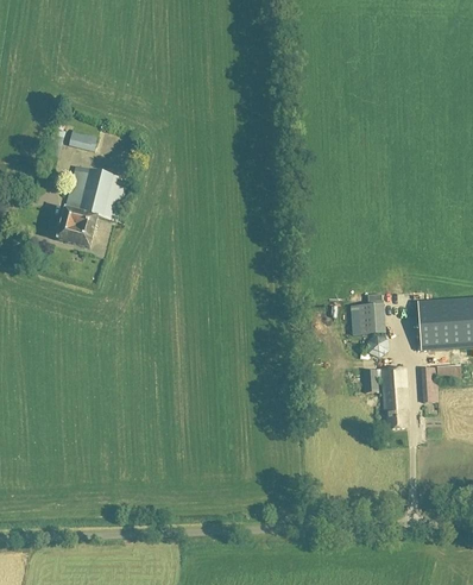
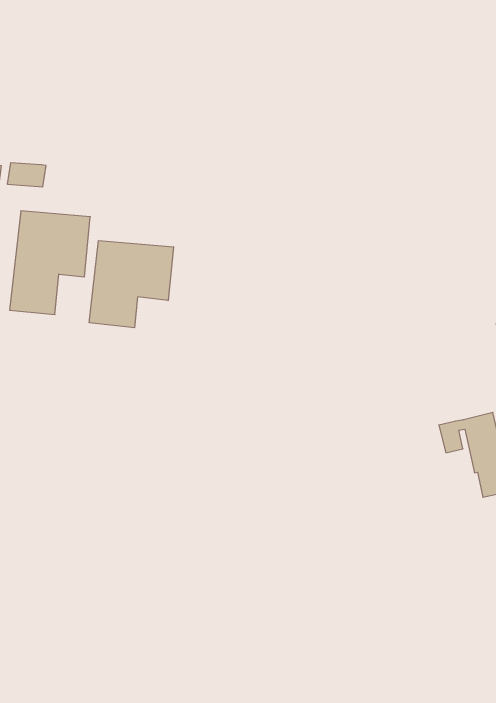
building: none -> [89,241,173,328]
building: [351,303,385,335] -> none

